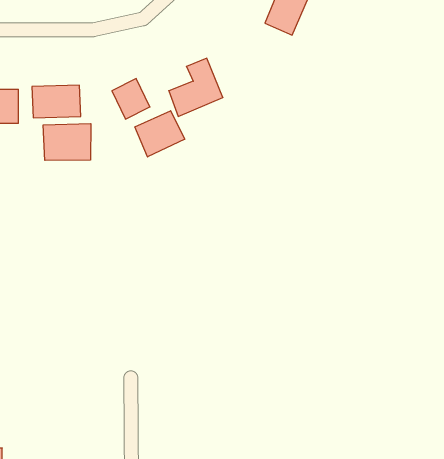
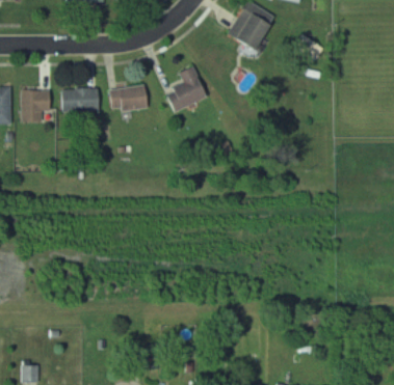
building: [135,111,185,157] -> none
building: [43,124,91,160] -> none

